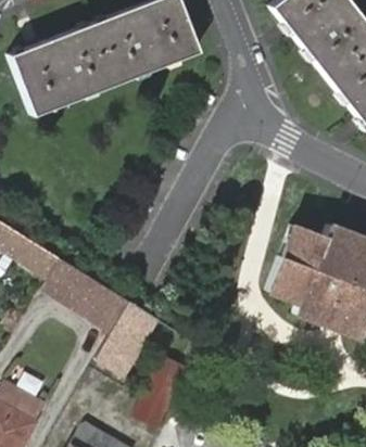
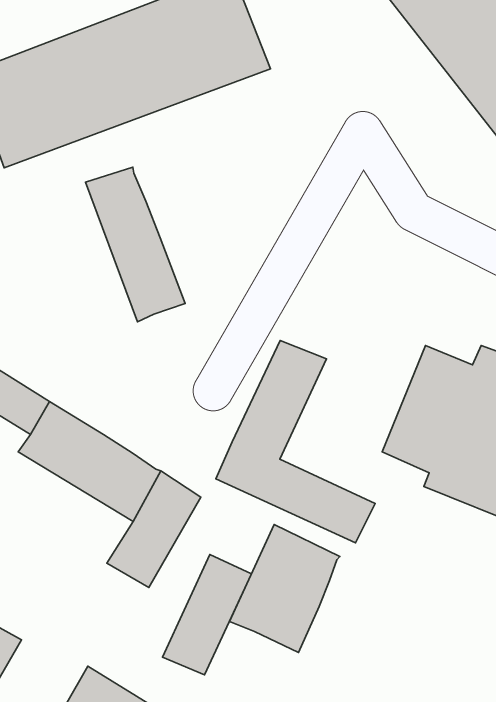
building: none -> [85,167,185,322]
building: none -> [216,341,375,543]
building: none -> [230,524,340,652]

